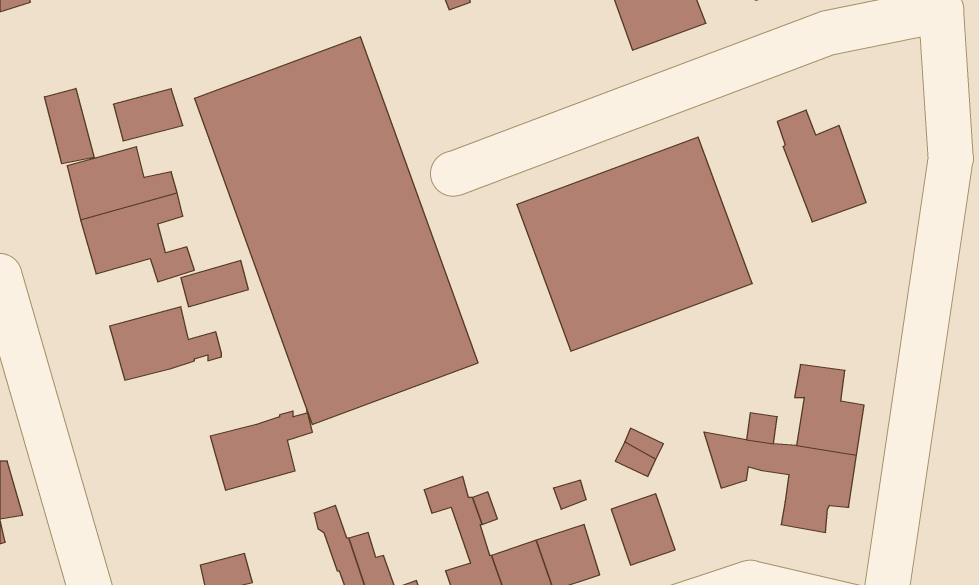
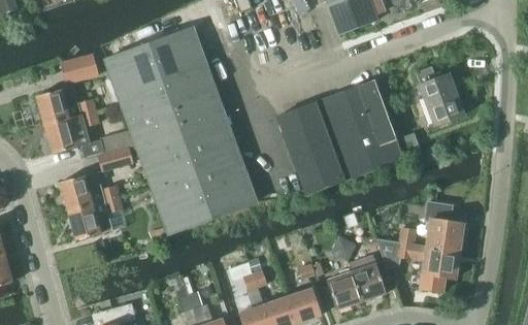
building: [44,88,94,164] -> none
building: [210,409,312,490] -> [67,196,122,239]
building: none -> [348,255,386,301]

